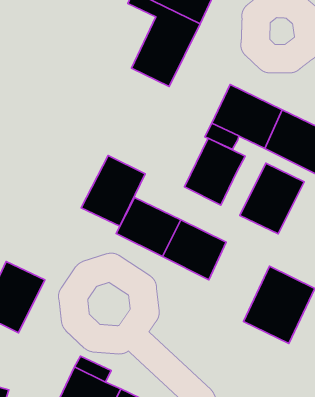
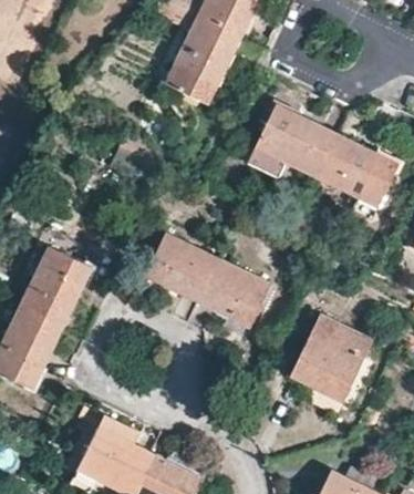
building: [184,138,245,205] -> none
building: [81,156,145,226] -> [19,247,92,328]
building: [240,163,304,234] -> none

